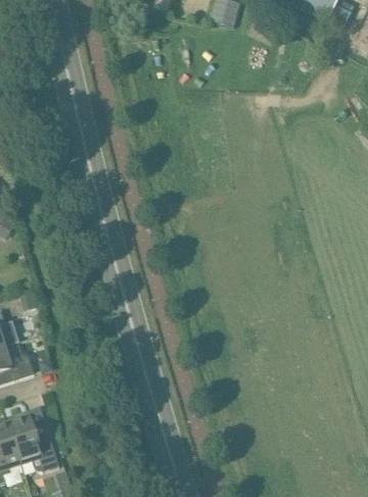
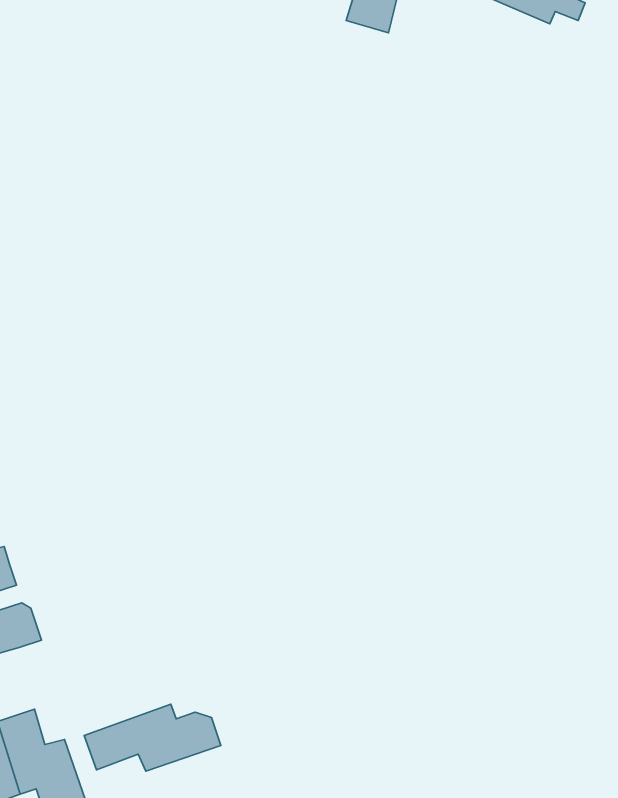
building: none -> [84,704,221,771]

